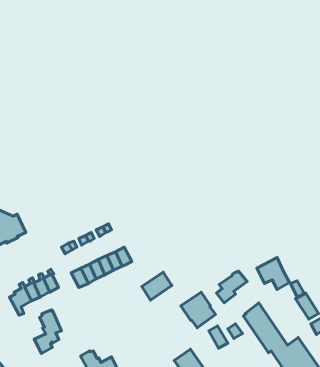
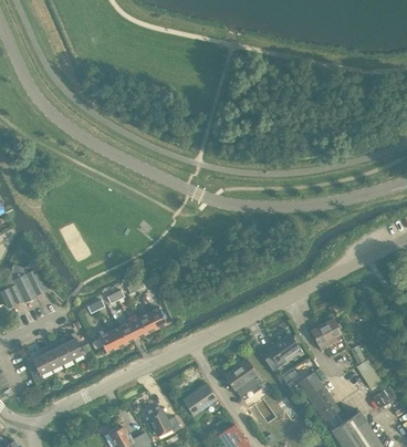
building: [142,272,172,300] -> [182,383,217,415]
building: [34,310,62,354] -> none
building: none -> [146,407,180,436]

